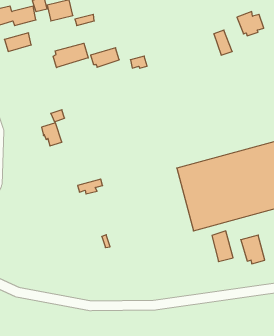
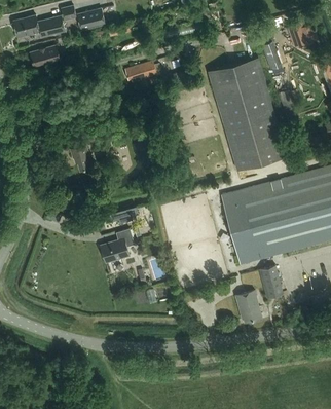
building: [53,43,88,68] -> none
building: none -> [207,58,286,171]
building: none -> [100,229,134,263]
building: [241,235,265,264] -> [234,291,261,323]

